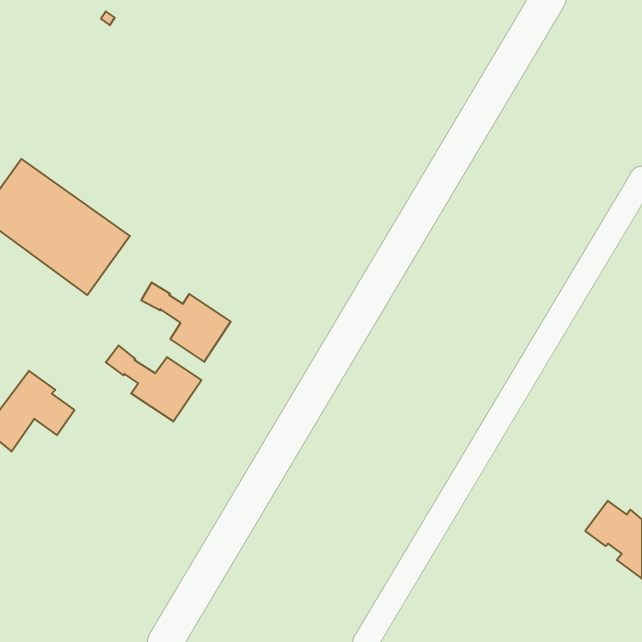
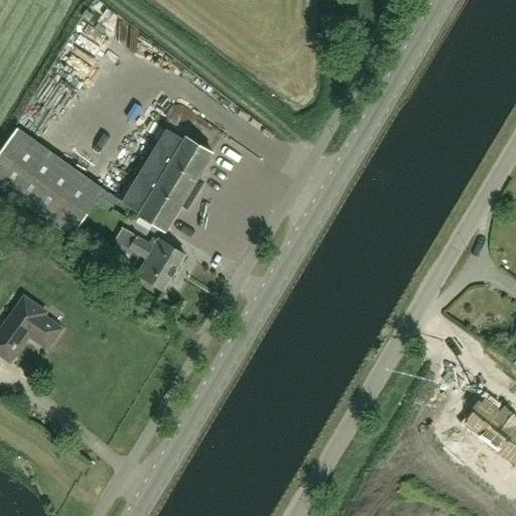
building: none -> [122,130,211,231]
building: [106,345,201,422] -> none

